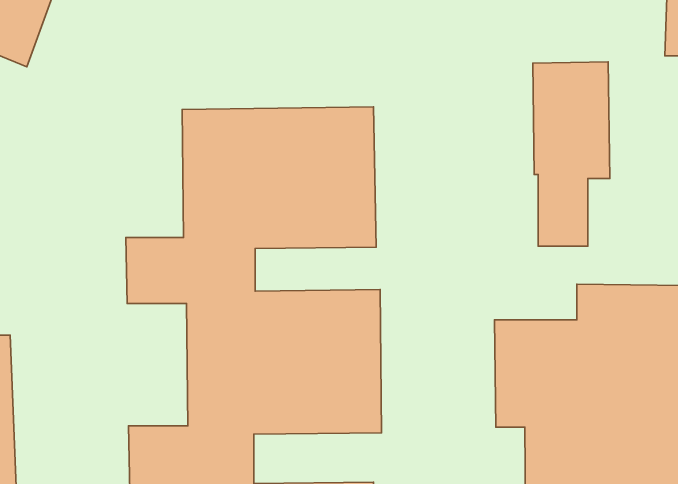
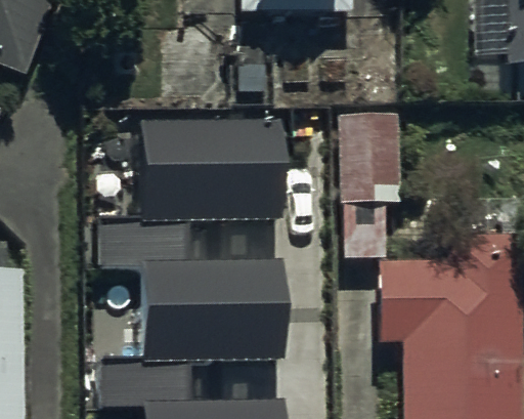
building: [533,62,610,246] -> [339,125,396,262]

